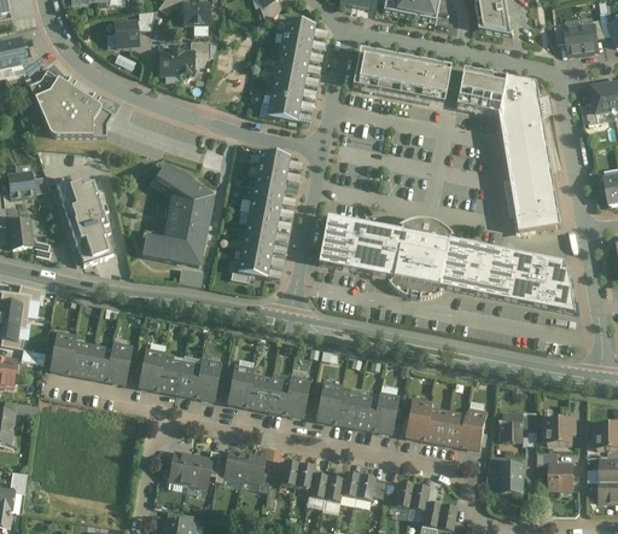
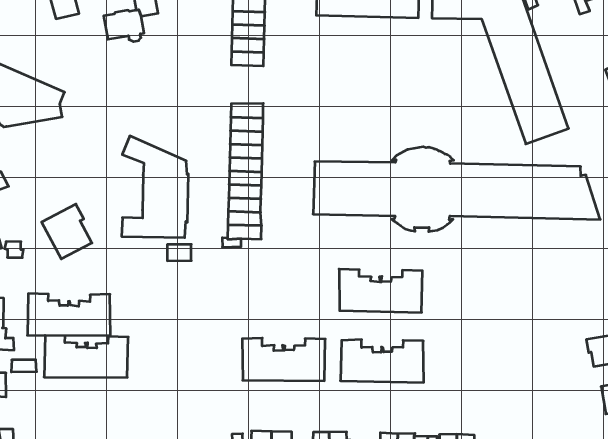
building: [56,178,105,228] -> none
building: [139,348,220,399] -> [27,294,110,336]
building: [406,397,486,449] -> [339,269,422,312]
building: [500,414,529,440] -> none
building: [501,455,523,492] -> none

